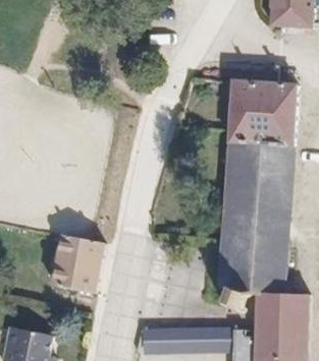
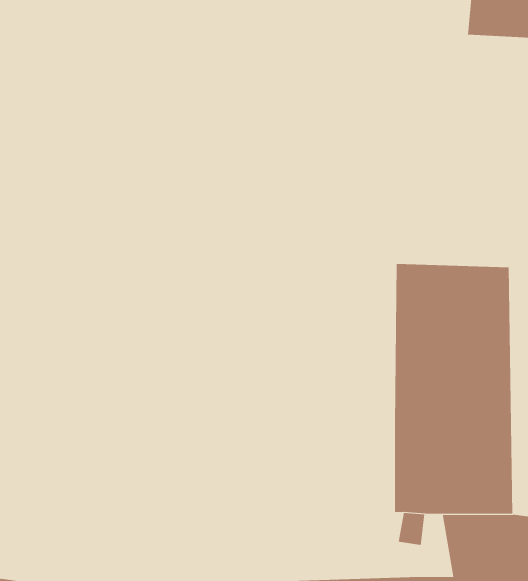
building: [225,82,288,155] -> none
building: [48,234,108,281] -> none

